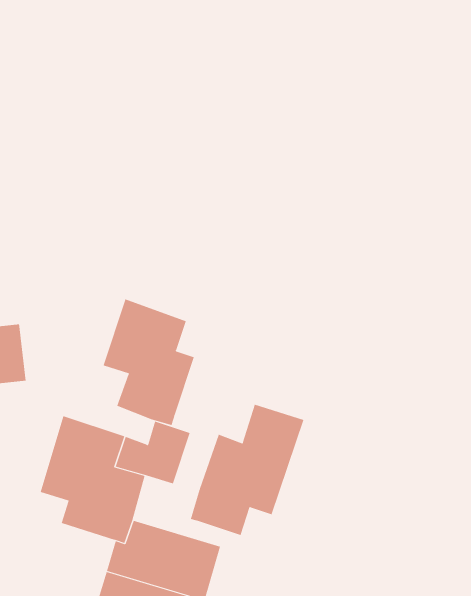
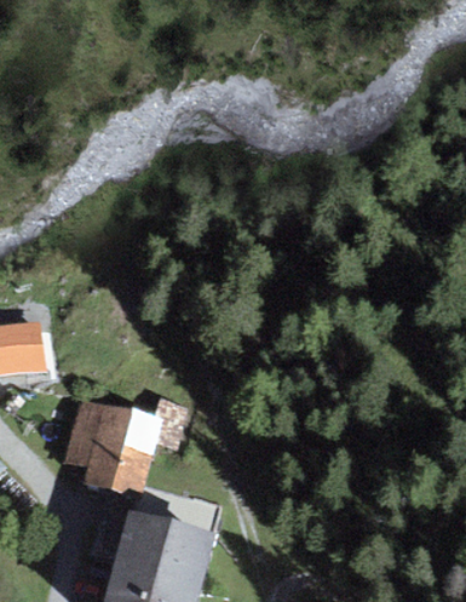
building: [103,298,195,426] -> none
building: [190,404,304,536] -> none

